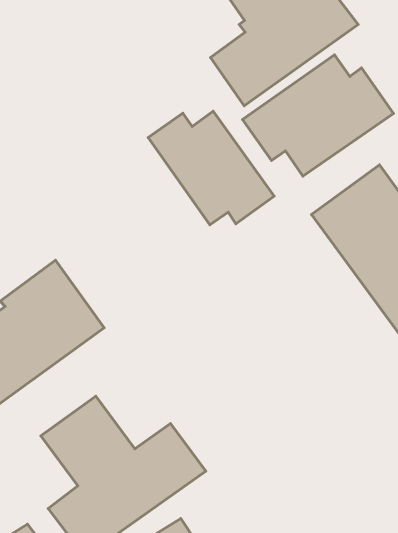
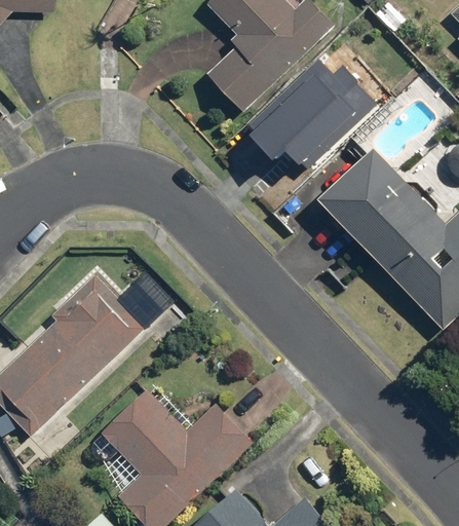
building: [148,111,274,225] -> none

